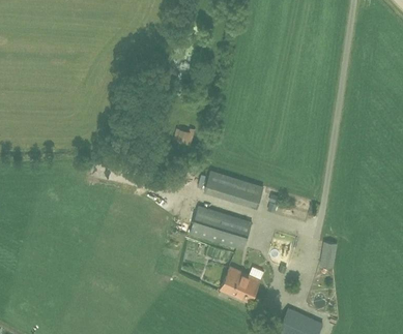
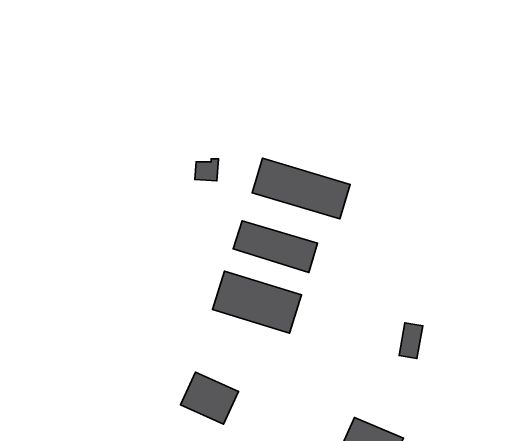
building: none -> [252,158,350,219]
building: [220,266,260,302] -> [181,372,238,424]

